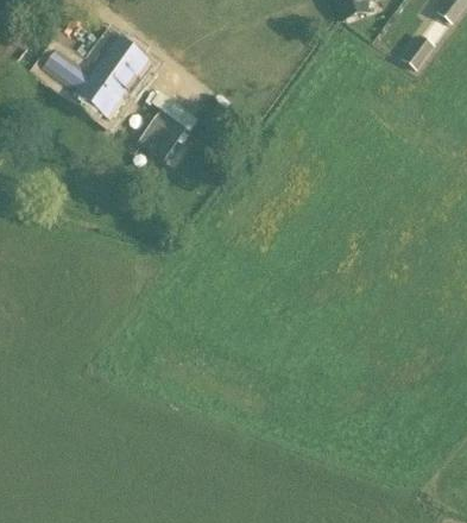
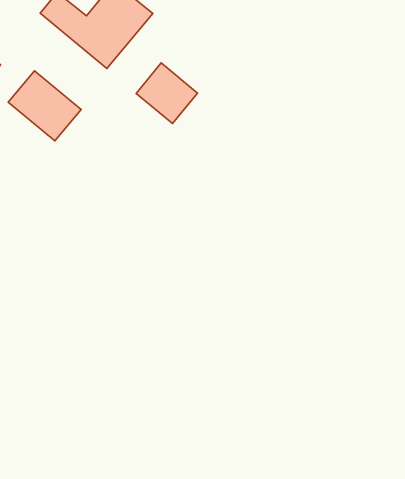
building: none -> [8,71,81,141]

